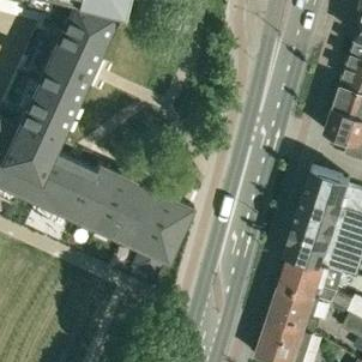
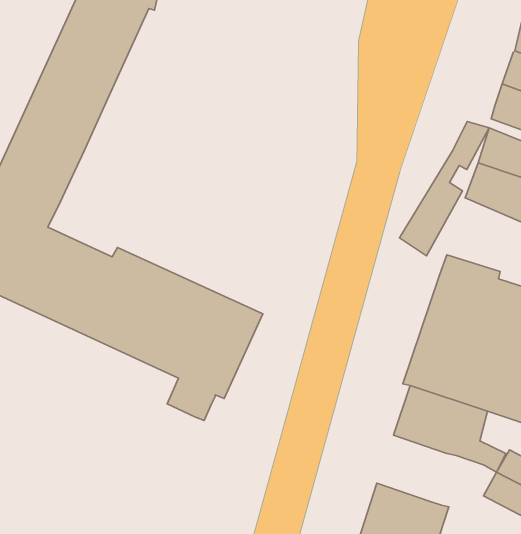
building: none -> [400,121,489,256]
building: [266,286,318,333] -> none

